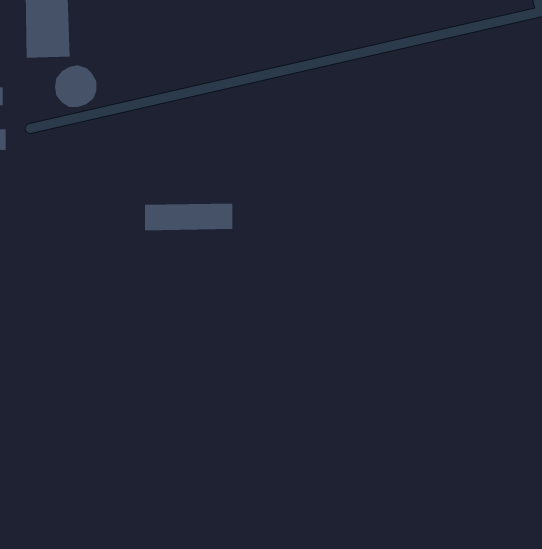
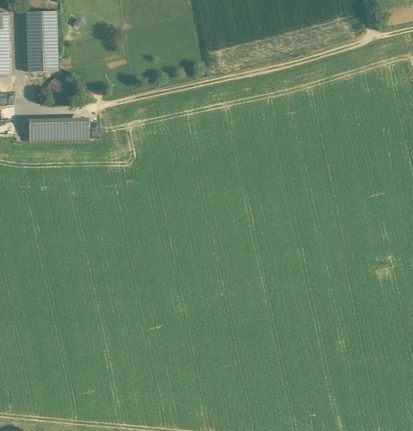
building: [144,203,233,231] -> [27,120,87,139]

